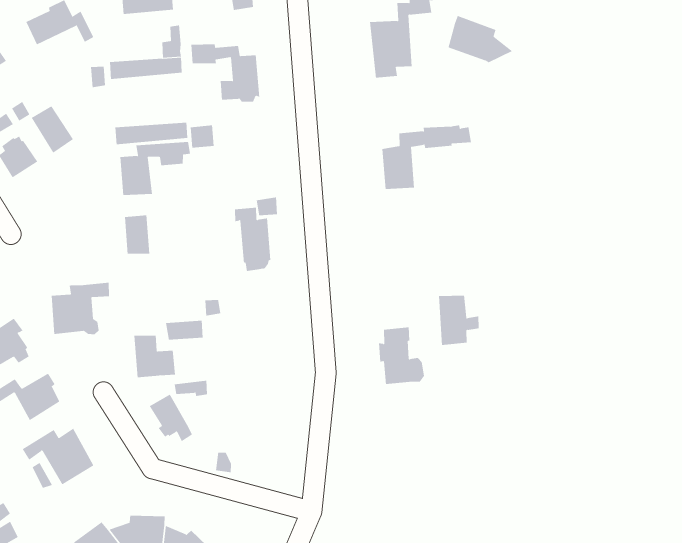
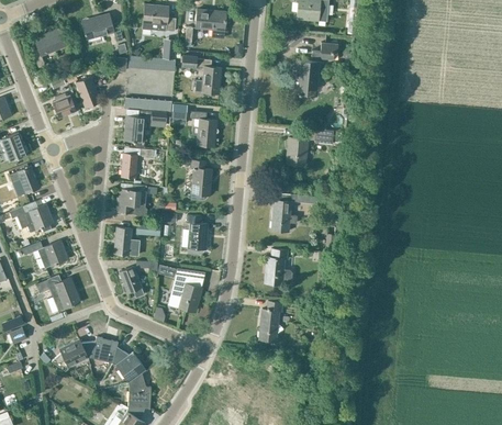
building: [448,15,513,63] -> none
building: none -> [191,112,216,146]
building: [51,282,110,335] -> [118,184,157,217]
building: [438,295,480,346] -> [270,200,297,232]
building: none -> [186,215,207,255]
building: none -> [168,269,201,312]
building: none -> [259,302,281,342]

